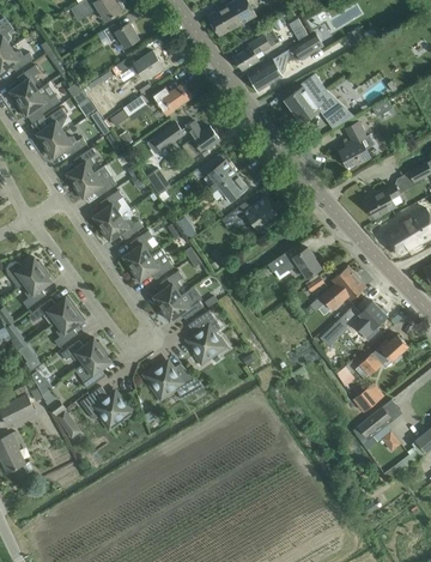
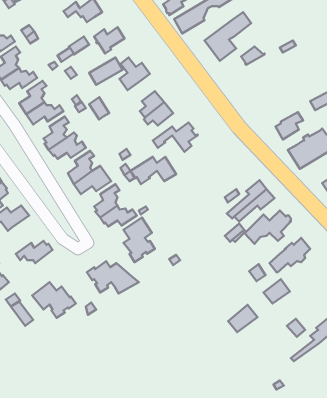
building: [339,121,374,169] -> none
building: [267,247,321,279] -> [131,157,176,184]
building: [54,307,85,346] -> none
building: [83,348,111,388] -> none
building: [358,406,393,439] -> [228,305,258,332]

